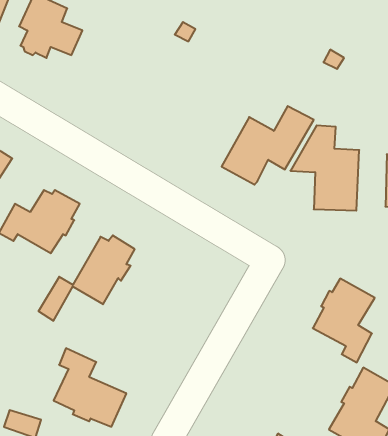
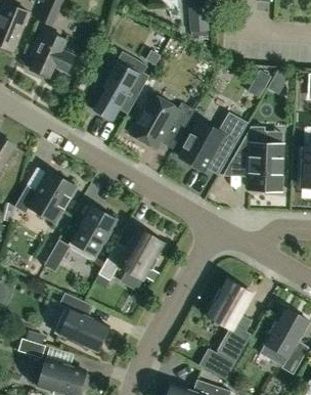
building: none -> [94,62,149,120]
building: none -> [130,94,194,148]
building: none -> [99,228,165,280]
building: [313,279,375,362] -> [208,279,254,342]

